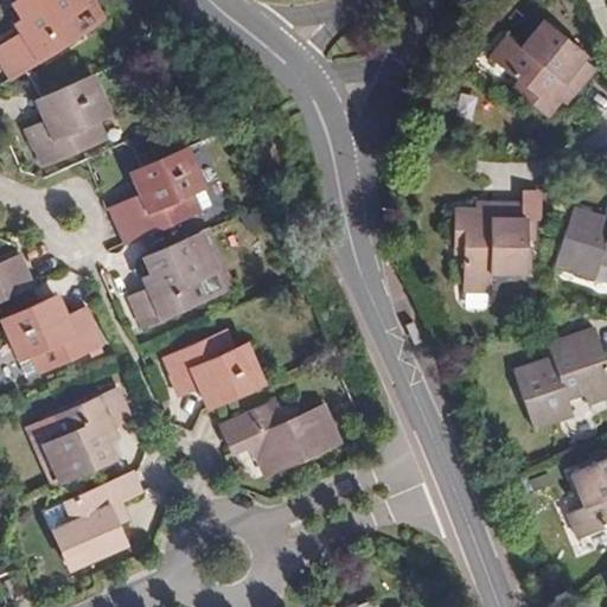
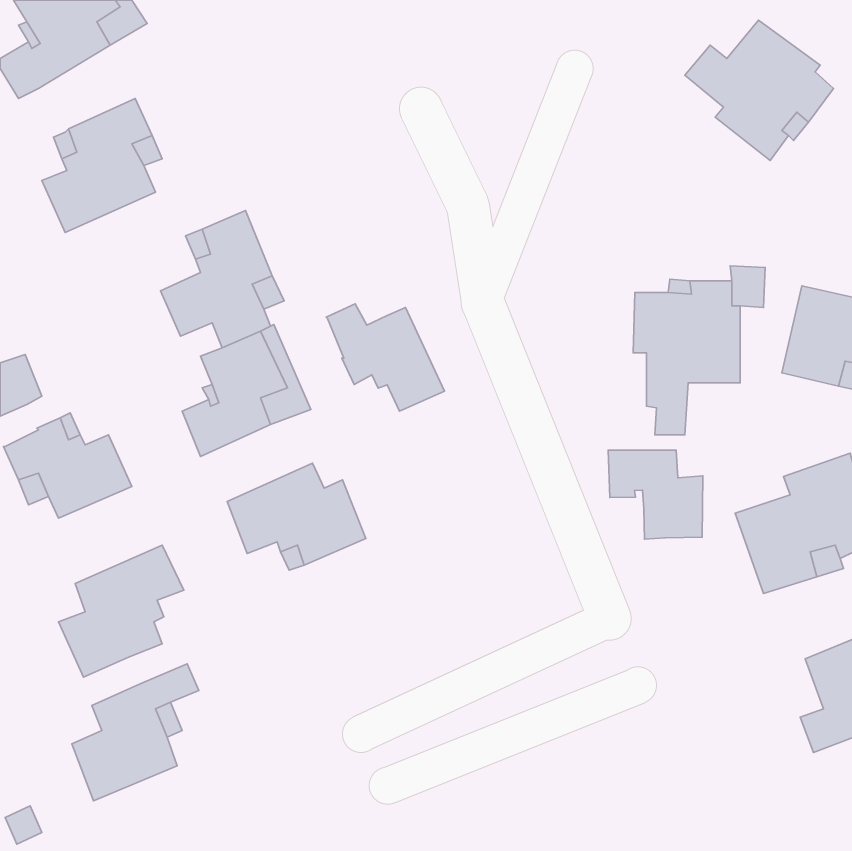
building: none -> [326,304,444,411]
building: none -> [608,450,703,539]
building: [213,407,331,475] -> none
building: [26,416,62,487] -> none

